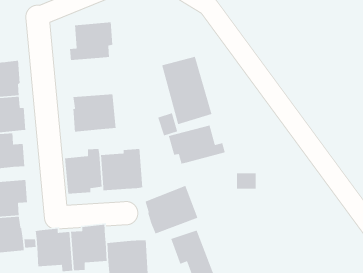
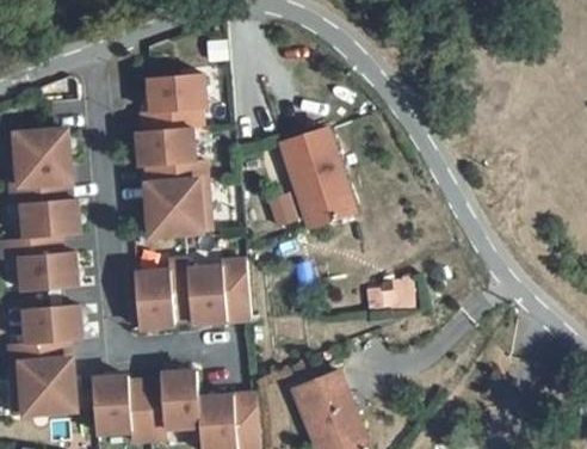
building: none -> [137,128,206,184]
building: [168,124,226,165] -> none
building: [144,185,199,235] -> none

